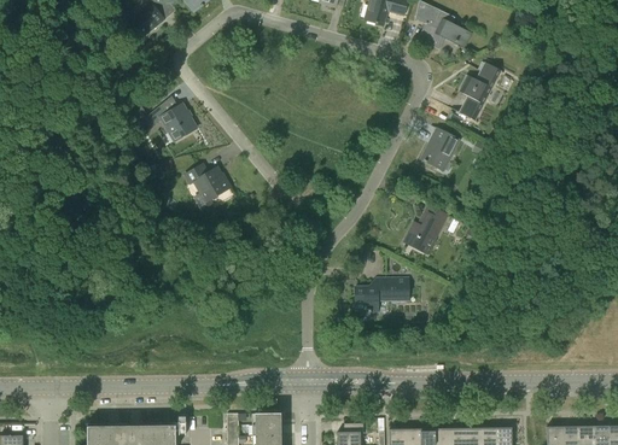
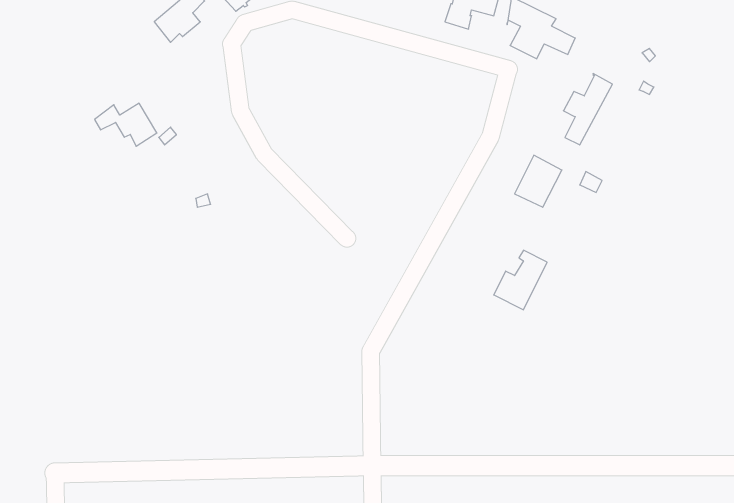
building: [145,104,196,139] -> [95,103,157,146]
building: [185,166,231,199] -> none
building: [355,279,408,311] -> none

